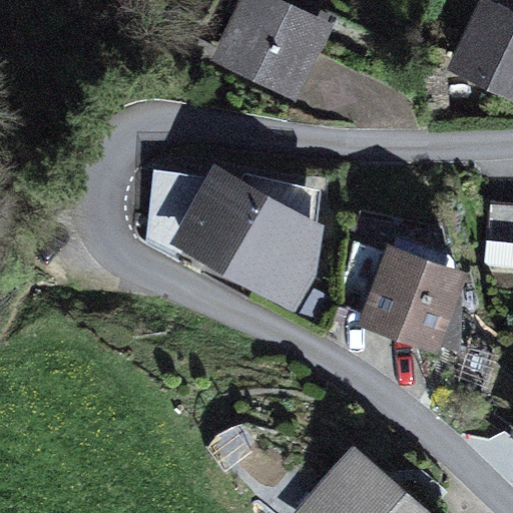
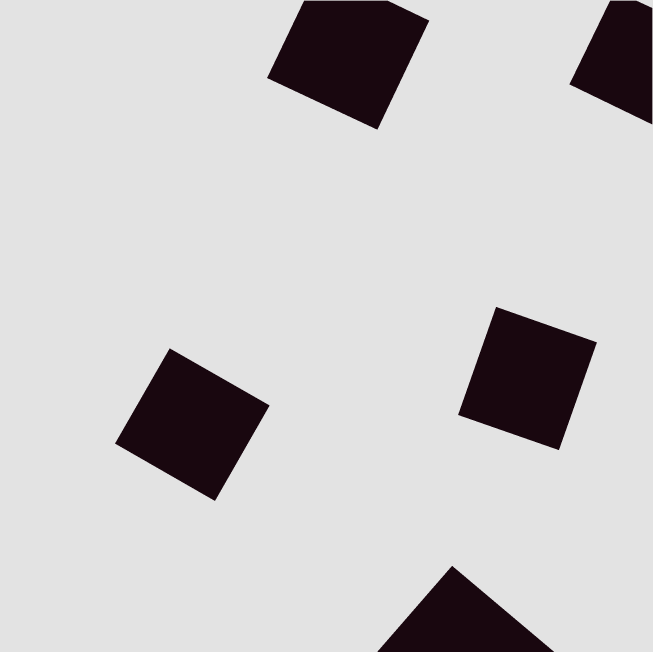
building: [168,161,323,315] -> none
building: none -> [114,348,271,502]

